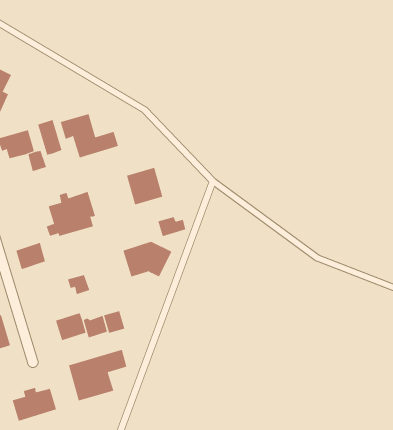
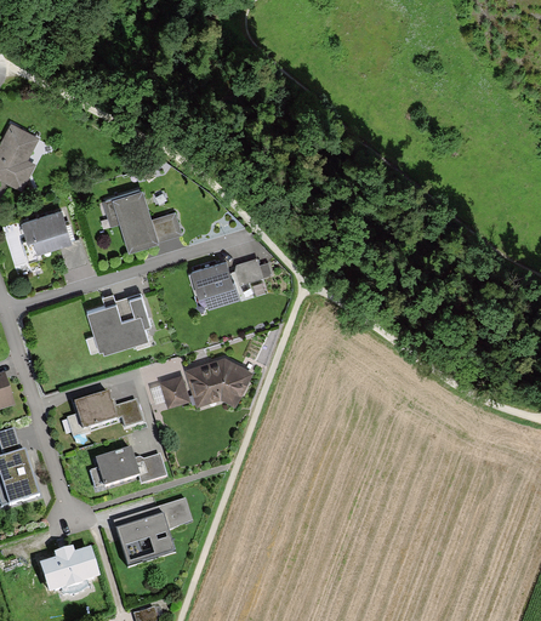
building: [38,119,62,155] -> none
building: [158,216,186,237] -> [233,257,270,284]
building: [16,242,46,270] -> [75,393,115,429]
building: [103,310,125,334] -> [159,375,188,405]

